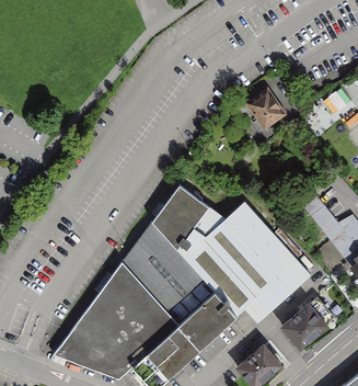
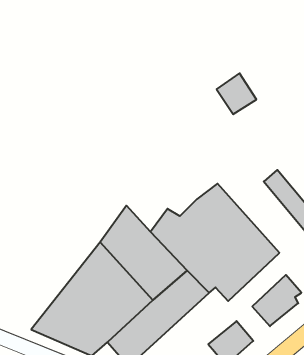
building: [152,184,226,251] -> none

